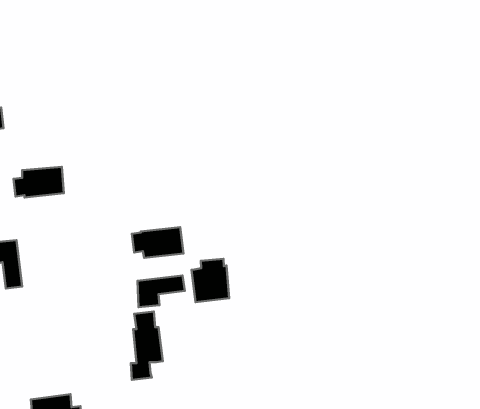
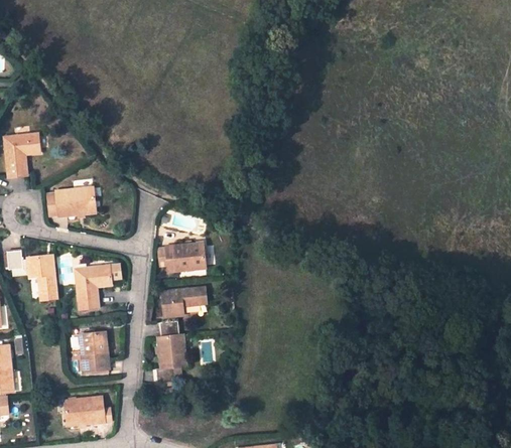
building: none -> [75,264,120,309]
building: [192,259,229,302] -> none
building: none -> [81,331,108,370]

